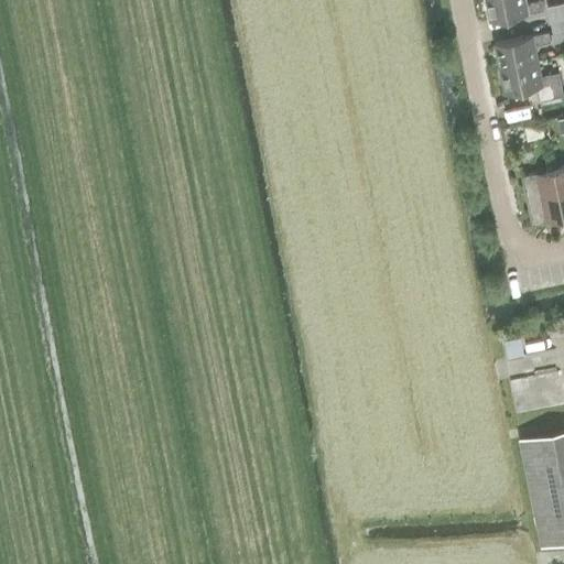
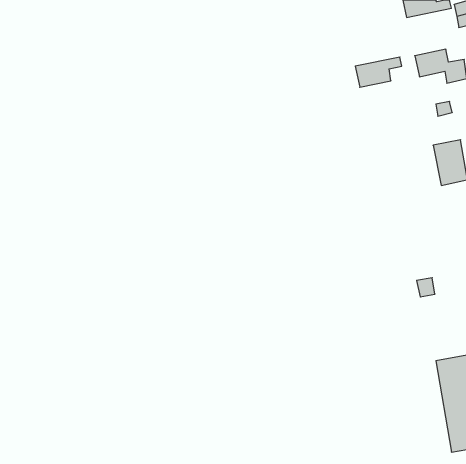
building: [496,34,552,70] -> [355,57,402,87]

